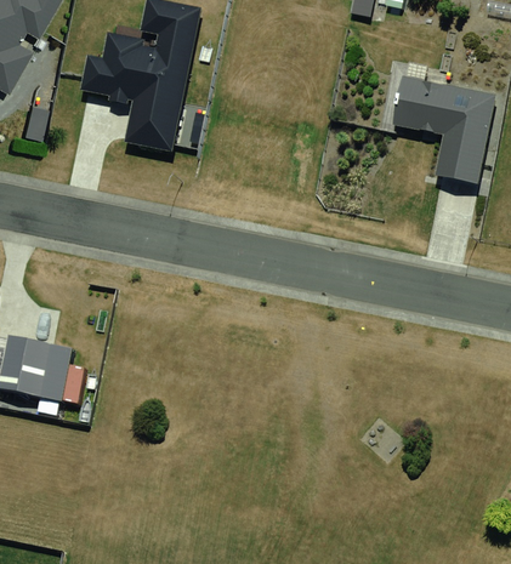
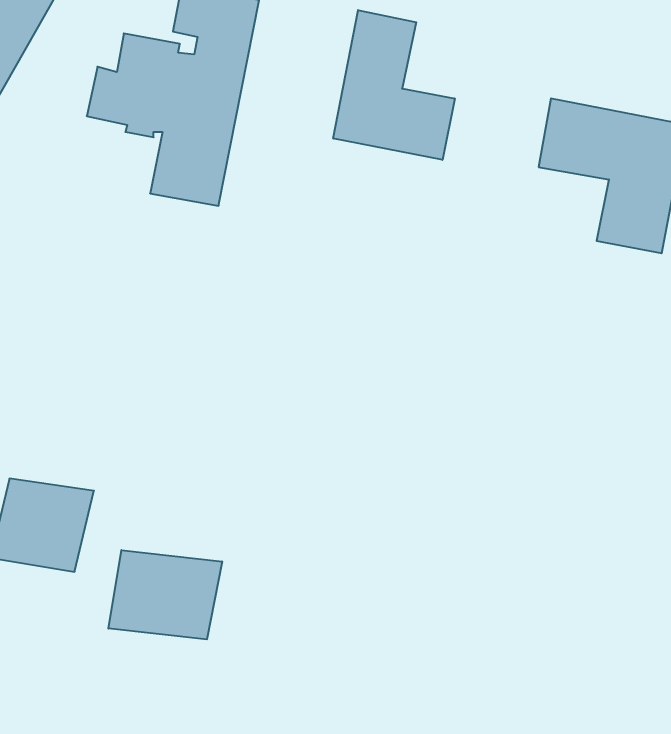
building: none -> [333,10,455,160]
building: none -> [108,550,222,639]

